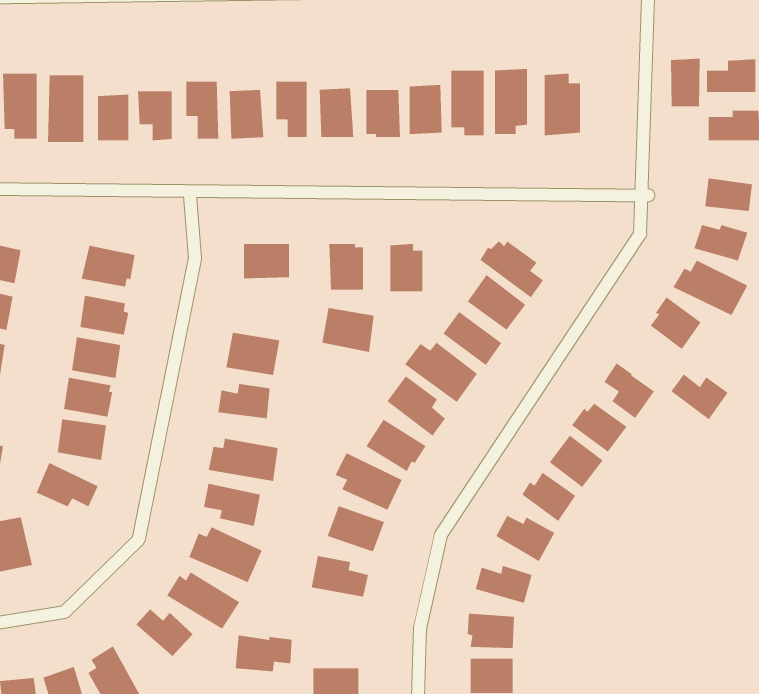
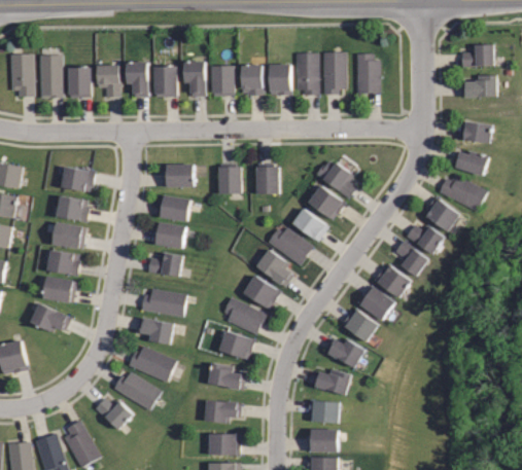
building: [671,58,700,107] -> none
building: [321,307,375,352] -> [156,192,190,221]
building: [671,373,728,420] -> [406,224,443,254]
building: [235,635,293,672] -> [203,400,240,424]

